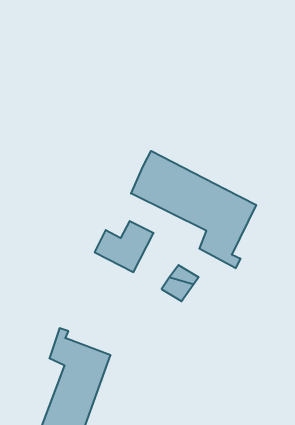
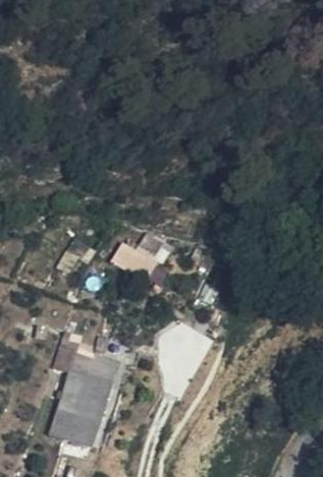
building: [131,151,256,268] -> none

